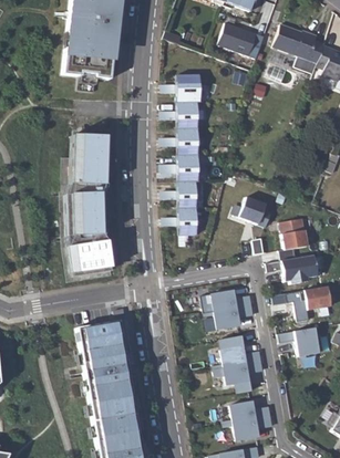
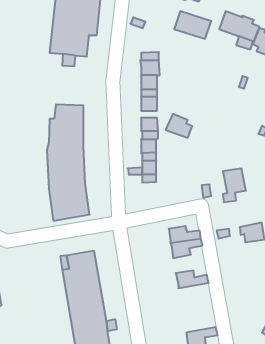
building: [239,196,272,226] -> [166,114,192,138]
building: [267,254,317,284] -> none
building: [278,327,319,356] -> none
building: [224,361,262,385] -> none
building: [230,400,270,423] -> none

